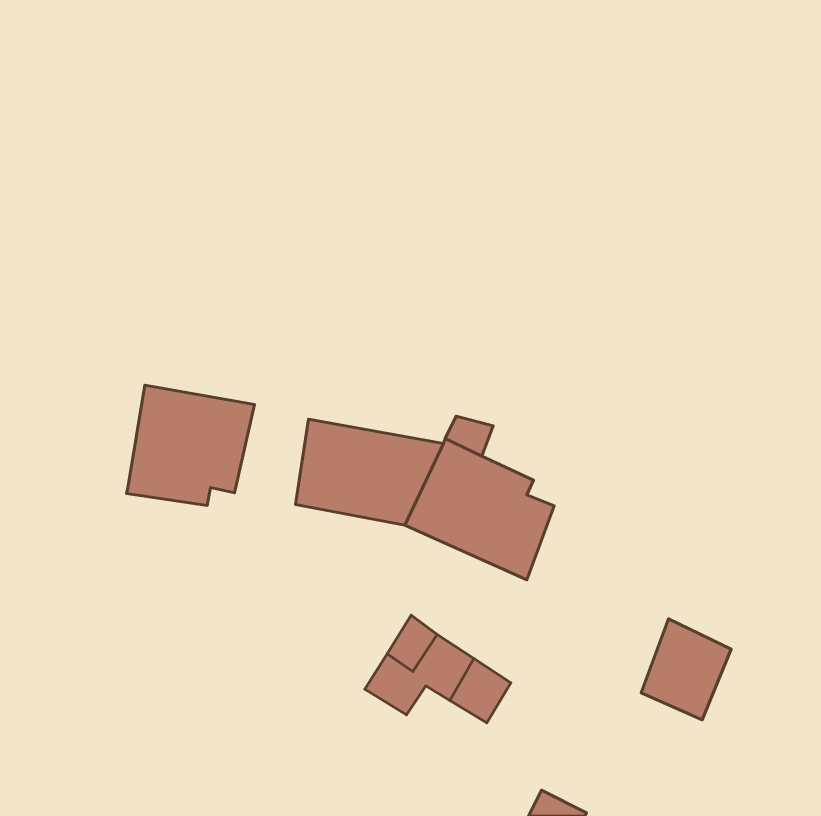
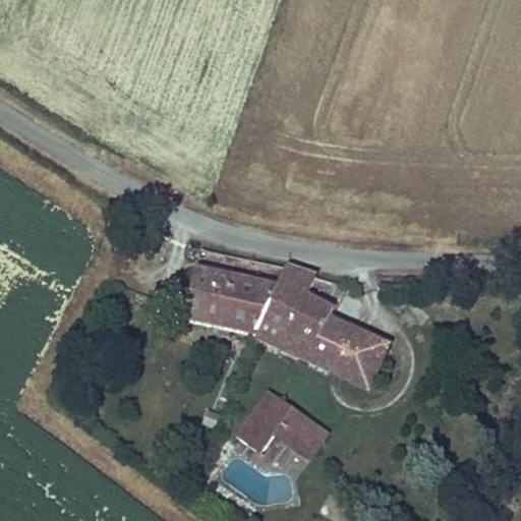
building: [126,385,255,506] -> none
building: [641,619,731,720] -> [334,321,391,385]

